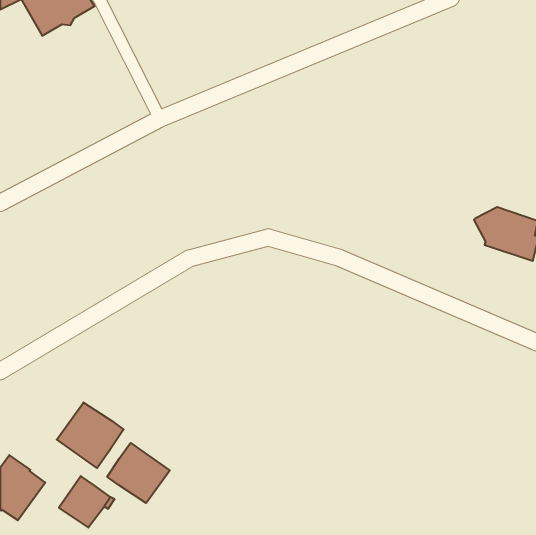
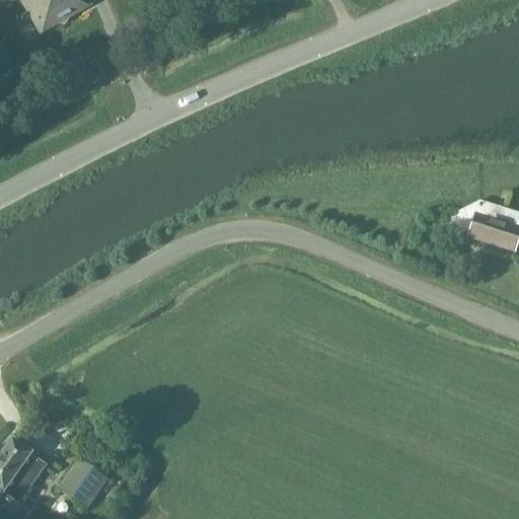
building: [57,402,124,468] -> none
building: [107,443,170,503] -> none

